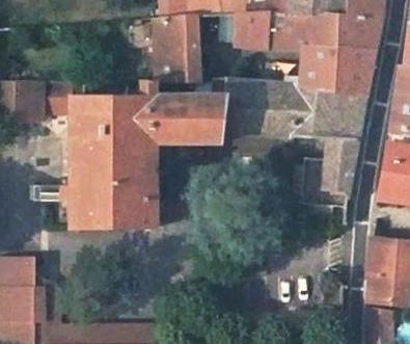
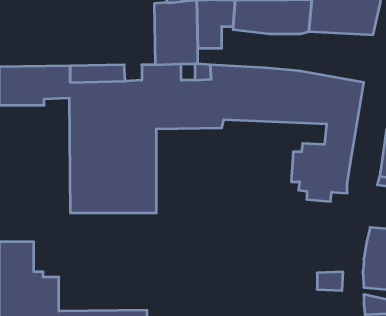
building: [299,45,374,96] -> none

